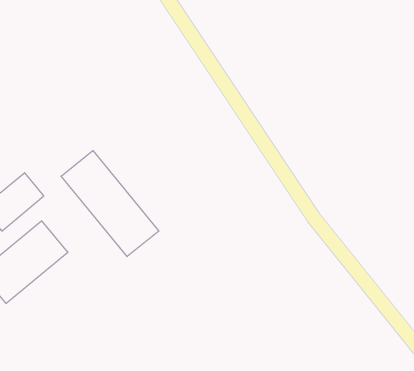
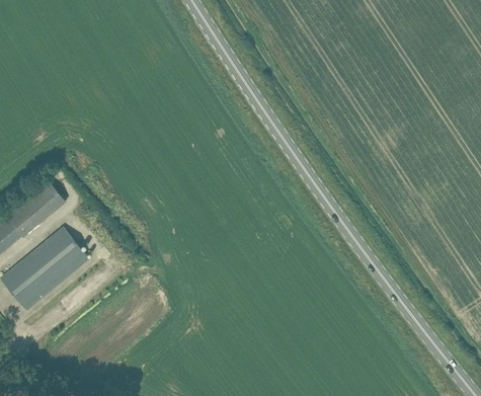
building: [61,151,159,257] -> none

